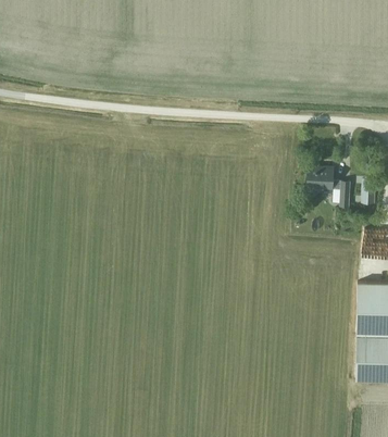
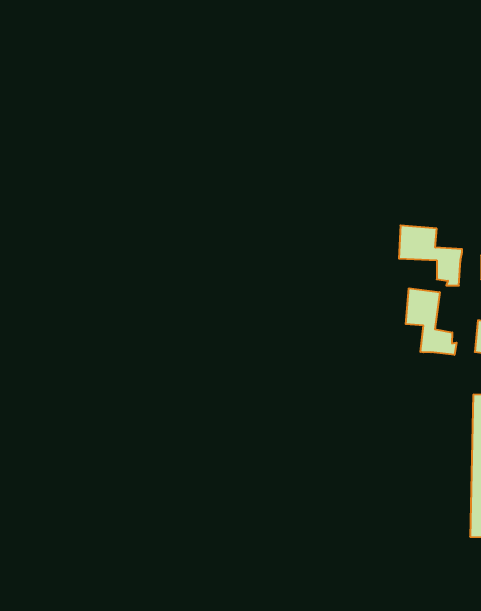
building: none -> [406,288,457,355]

